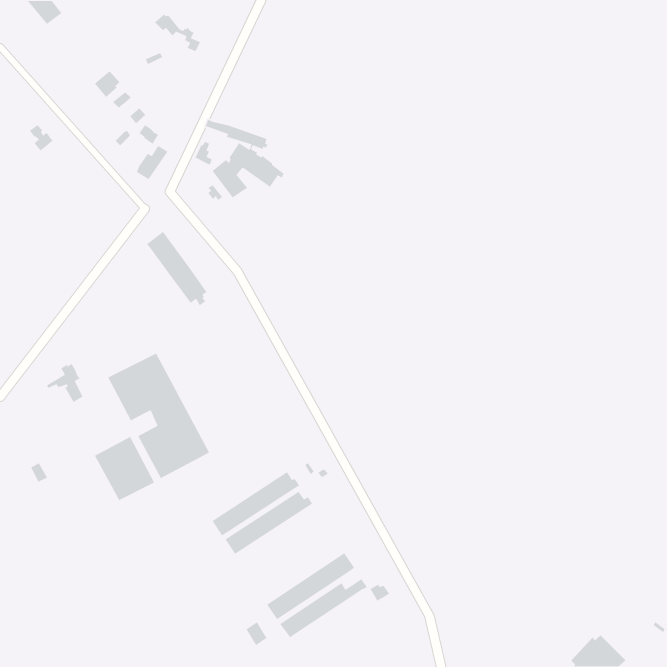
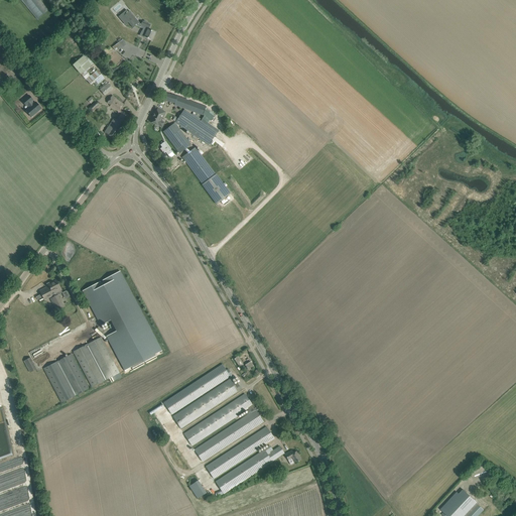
building: [146,231,207,306] -> [182,147,230,206]
building: none -> [44,355,89,403]
building: none -> [184,394,263,462]

